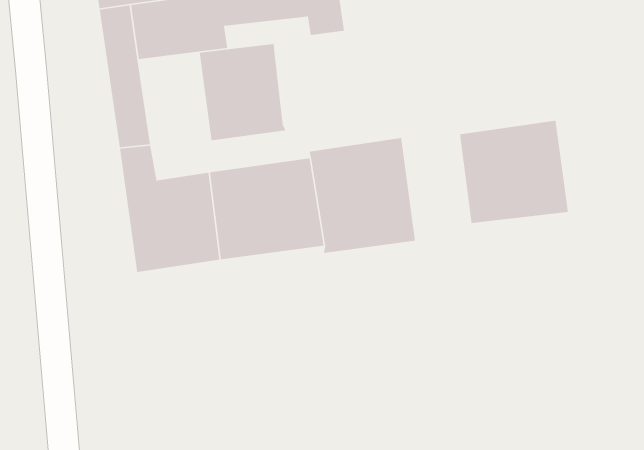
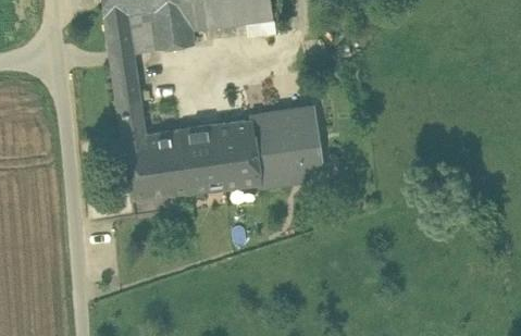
building: [199,43,286,141] -> none
building: [459,120,569,224] -> none

